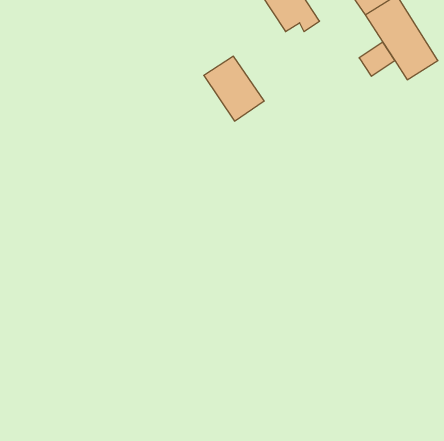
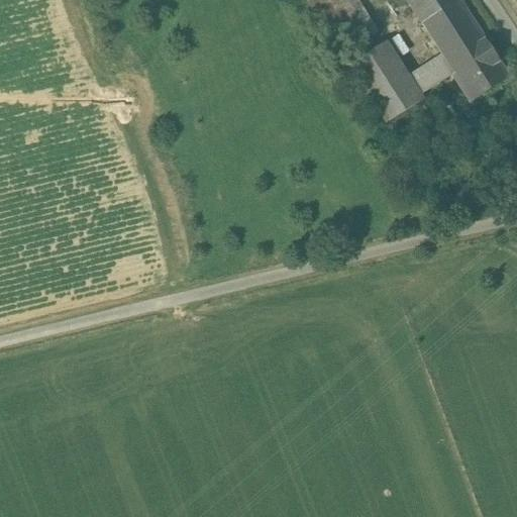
building: [204,56,264,121] -> [352,42,422,117]

